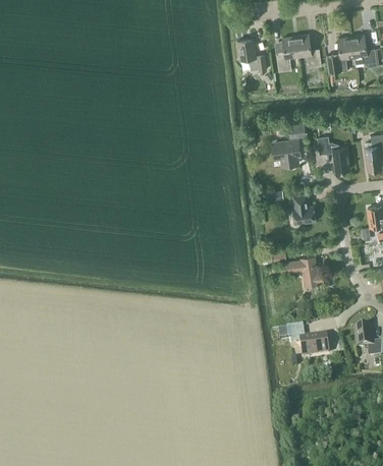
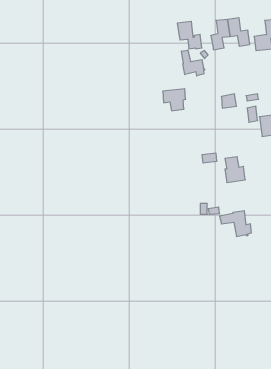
building: none -> [181,50,205,76]
building: [273,140,299,166] -> [163,89,186,111]
building: [290,325,329,356] -> none

